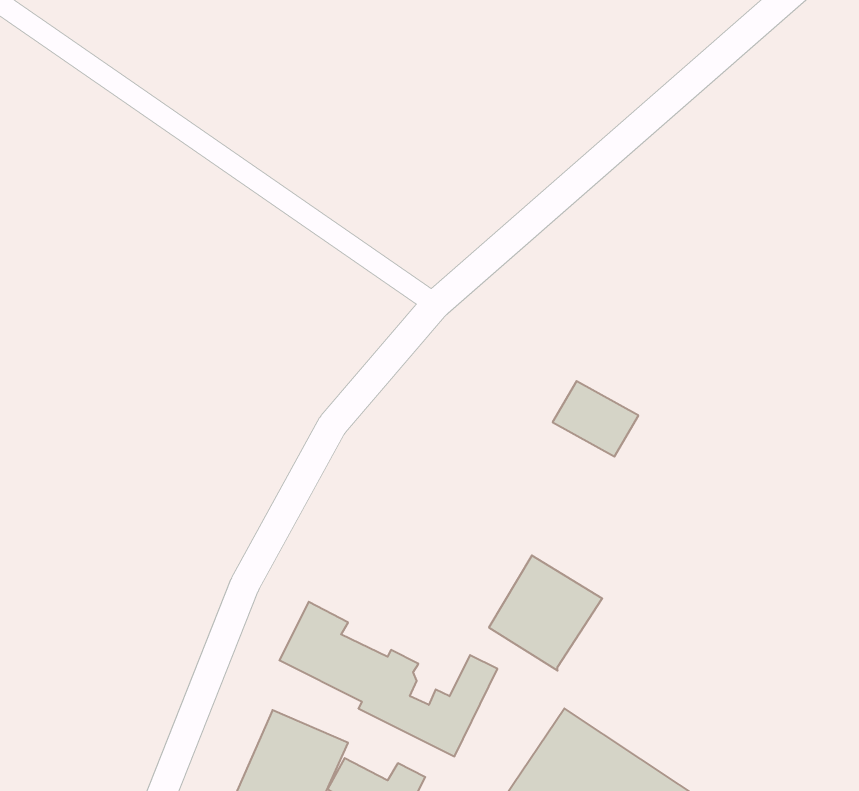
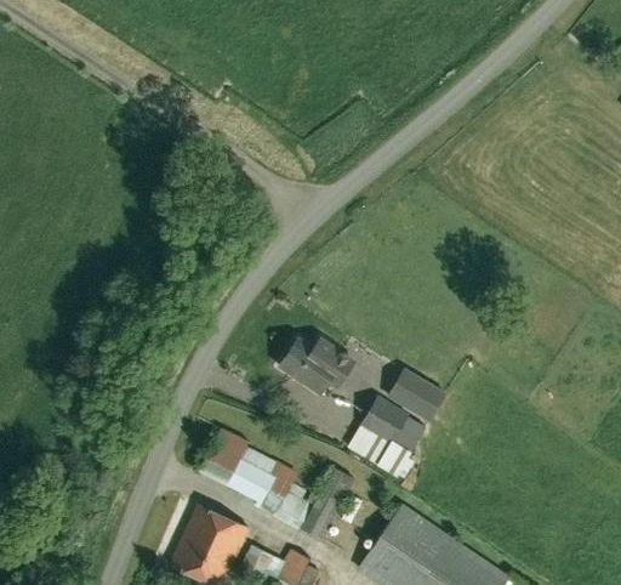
building: [553,381,638,457] -> [386,368,446,421]
building: none -> [280,337,351,393]

